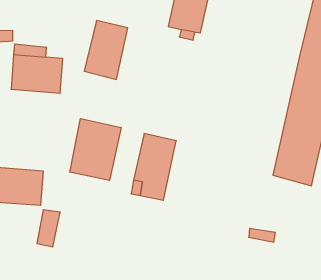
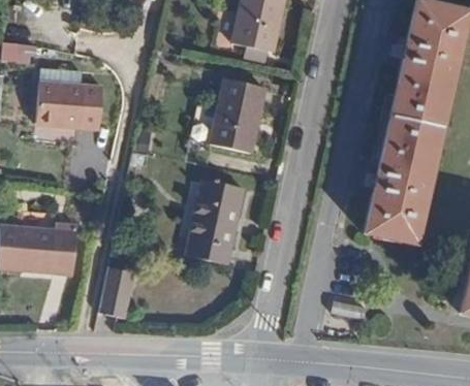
building: [84,21,128,79] -> [210,79,265,155]
building: [70,119,121,181] -> none
building: [37,210,60,247] -> [99,271,129,319]

